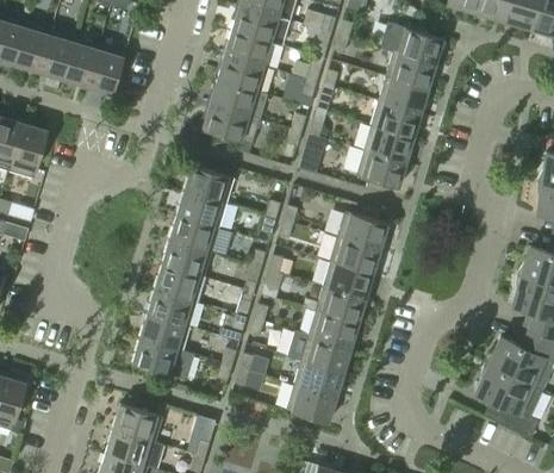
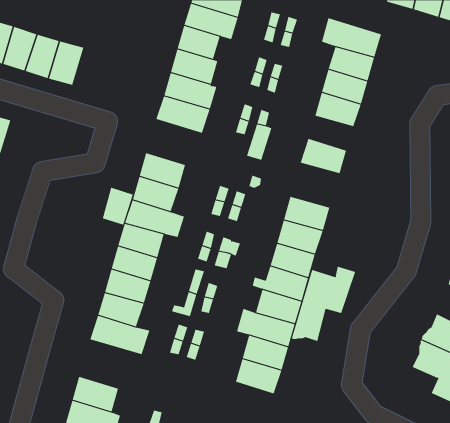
building: [363,126,412,163] -> none
building: none -> [102,187,133,225]
building: none -> [291,266,356,342]

